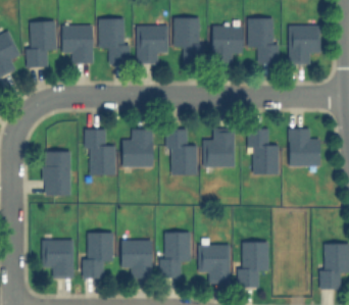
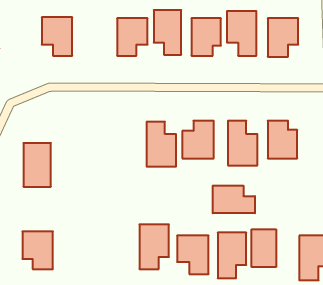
building: [99,19,129,64] -> none
building: [27,22,56,67] -> none
building: [86,130,114,175] -> none
building: [122,131,152,168] -> none
building: none -> [213,186,255,213]
building: [84,234,112,278] -> none
building: none -> [252,229,276,267]
building: [121,241,152,278] -> none

